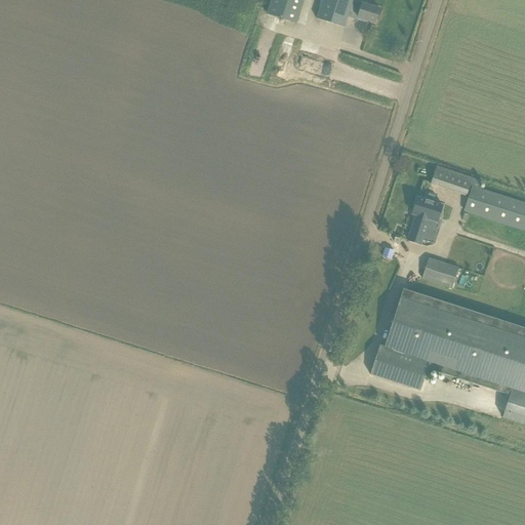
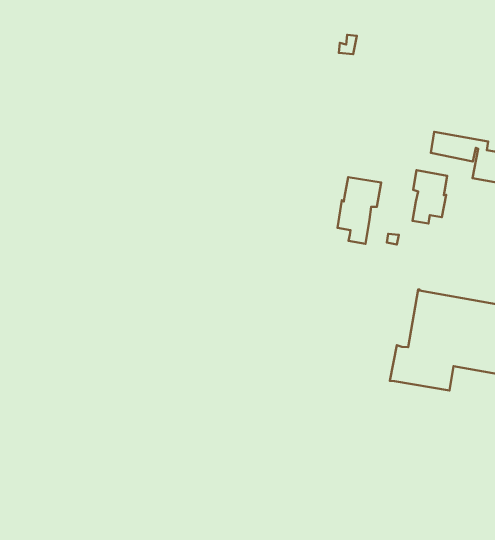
building: none -> [337,177,381,244]
building: [421,255,458,285] -> none

